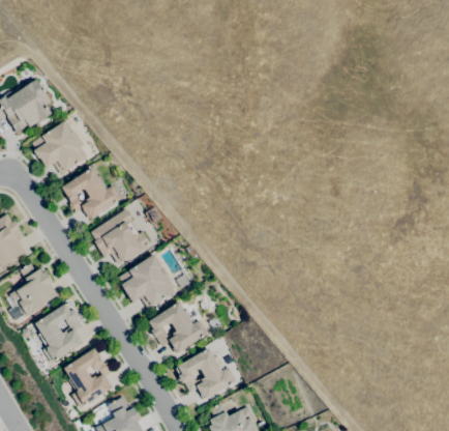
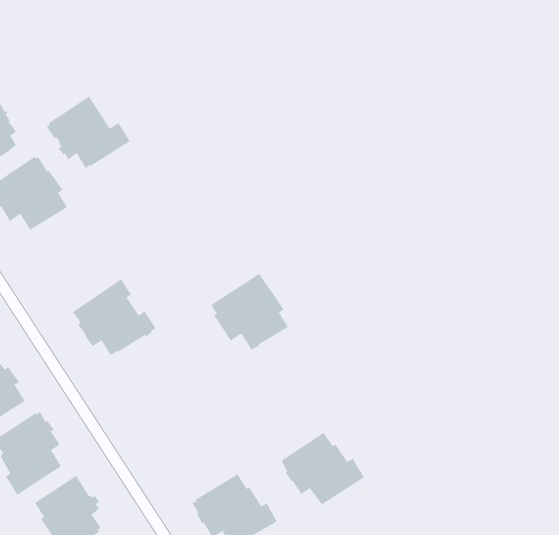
building: [61,167,121,219] -> [46,96,130,169]
building: [119,254,175,309] -> [210,273,289,350]
building: [148,301,208,353] -> [281,432,365,505]

